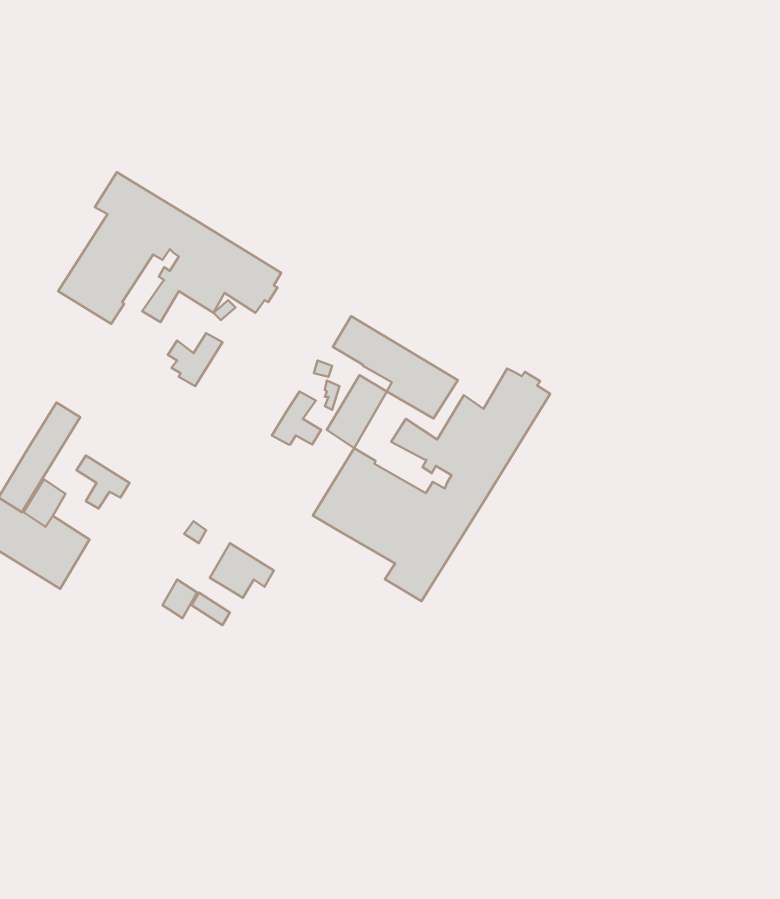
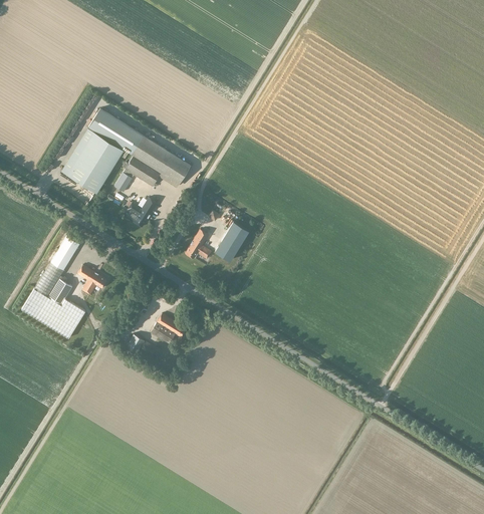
building: [333,316,458,418] -> none
building: [313,369,550,601] -> none

